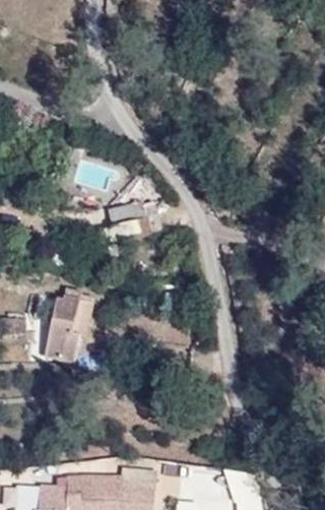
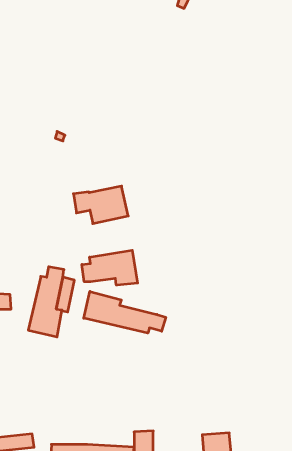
building: none -> [82,250,138,285]
building: none -> [84,291,166,333]

